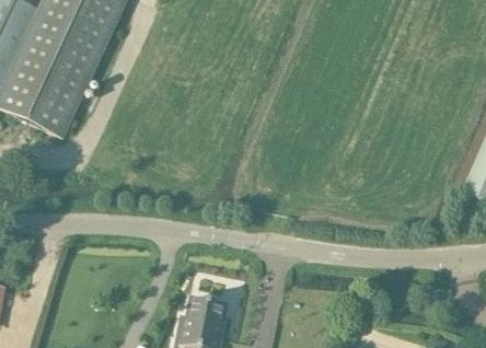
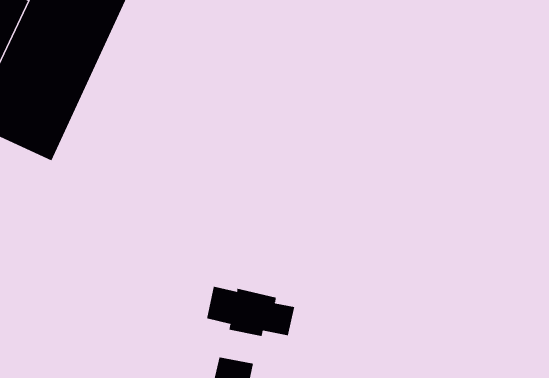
building: none -> [207,286,295,337]

